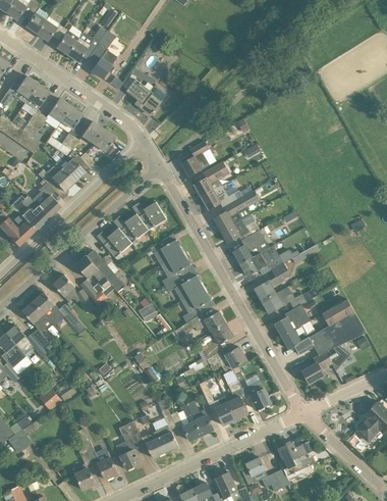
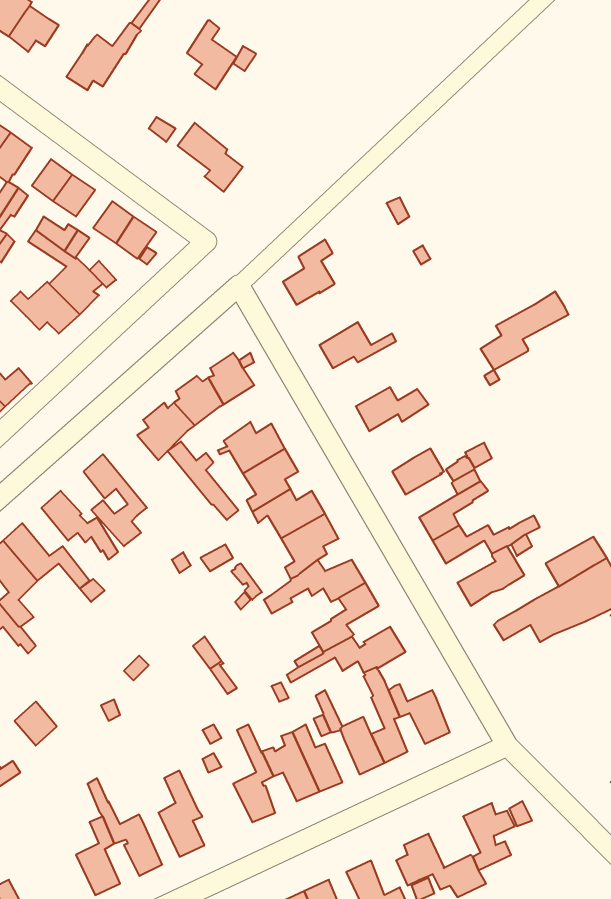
building: [55,24,81,54] -> none
building: [86,42,112,79] -> [187,20,237,89]
building: [194,167,221,197] -> none
building: [37,182,59,217] -> none
building: [213,188,260,230] -> [480,291,569,370]
building: [232,229,265,264] -> none
building: [86,250,123,292] -> [167,441,238,520]
building: [281,324,315,349] -> none
building: [301,344,351,384] -> none
building: [126,420,165,457] -> none

